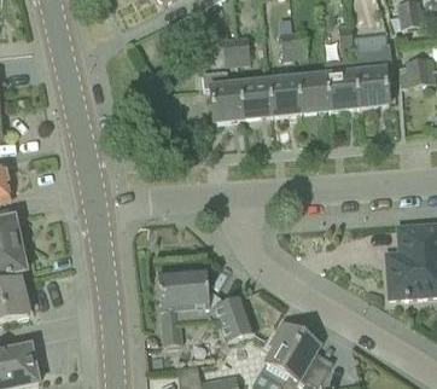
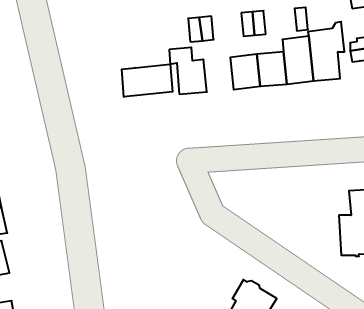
building: [239,80,272,117] -> none
building: none -> [122,64,173,97]
building: [157,267,254,344] -> none

